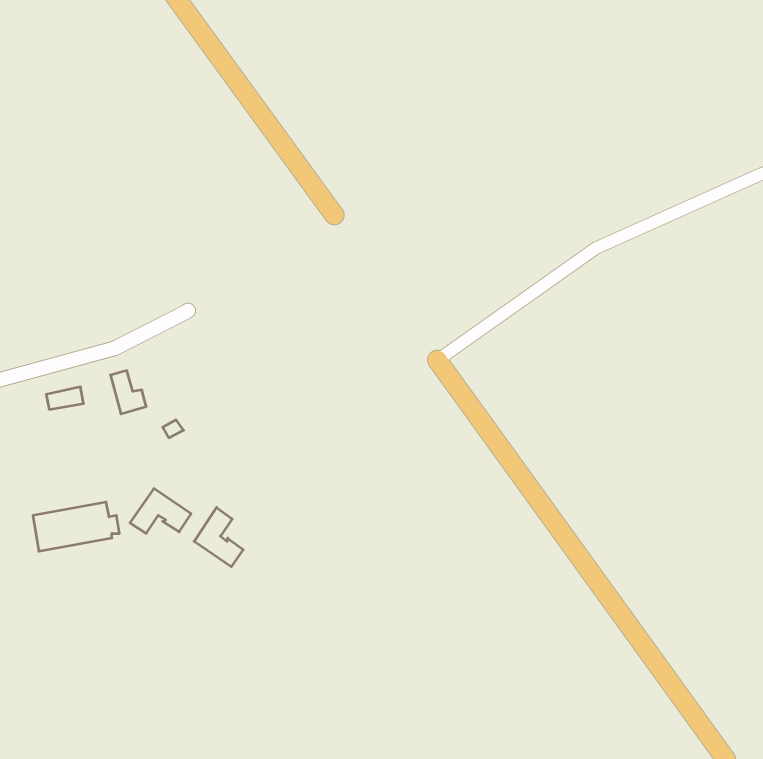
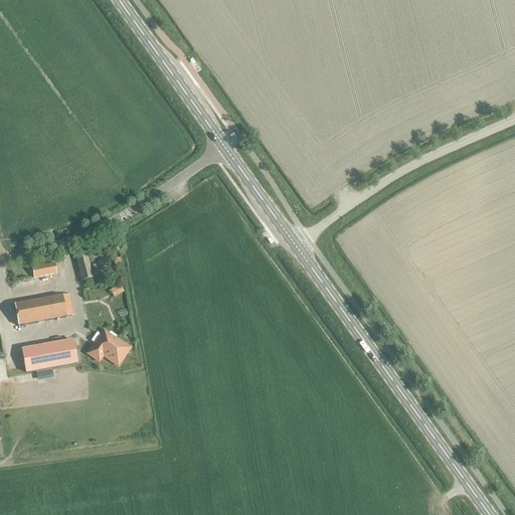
building: none -> [13,293,71,324]
building: [194,507,243,567] -> none

